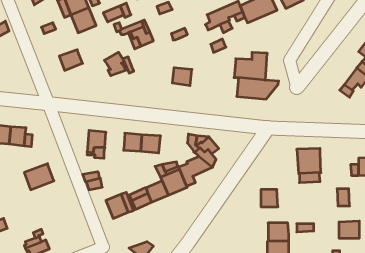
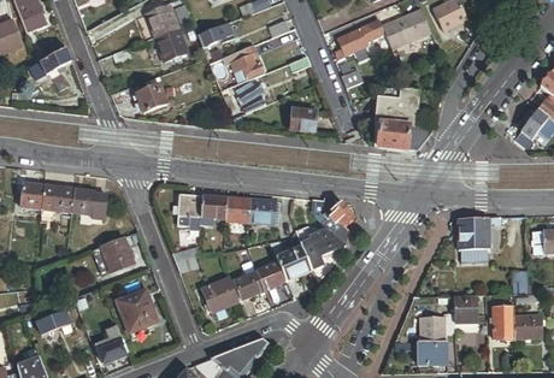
building: [104,52,126,76] -> [237,79,266,111]
building: none -> [200,195,226,218]
building: [261,190,278,207] -> [458,295,481,318]
building: none -> [113,288,155,331]
building: none -> [493,306,514,339]

